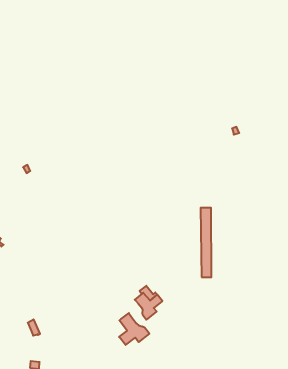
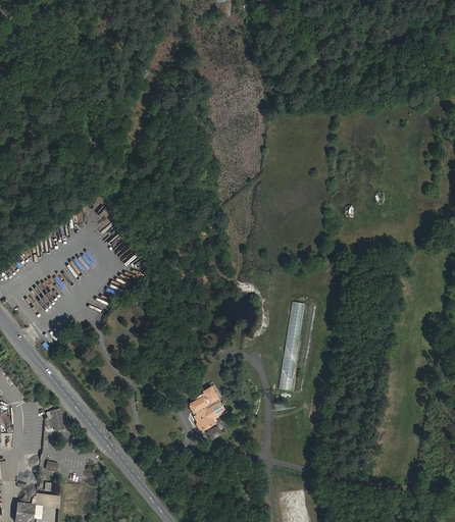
building: [119,313,149,345] -> none

